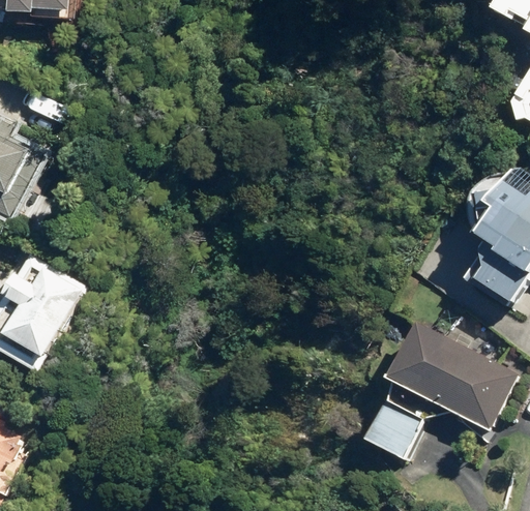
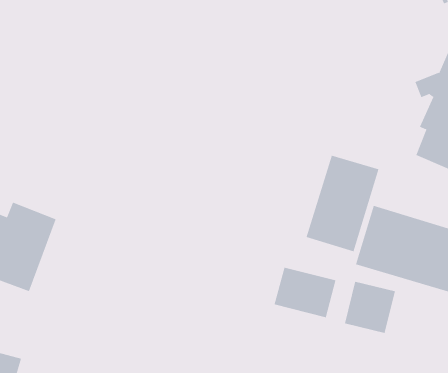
building: none -> [306,155,379,252]
building: none -> [274,267,336,318]

